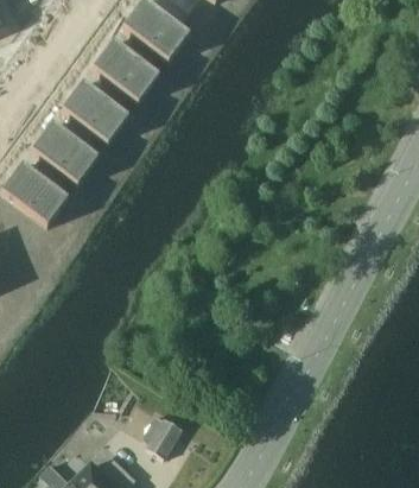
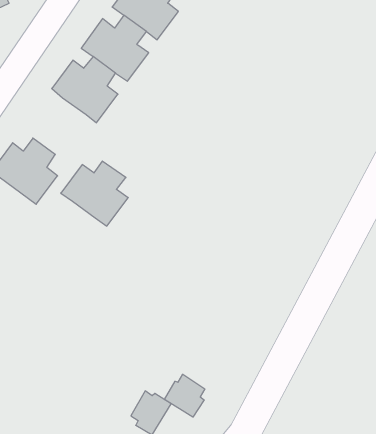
building: [30,118,97,183] -> [61,161,128,226]
building: none -> [164,374,205,417]

